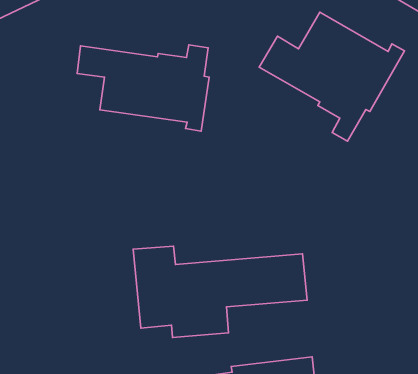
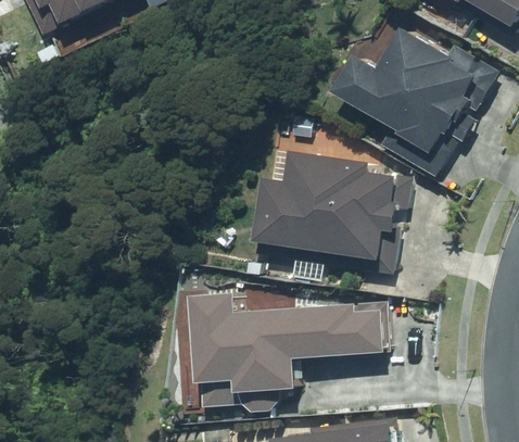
building: [77,45,209,131] -> none
building: none -> [251,150,405,273]

